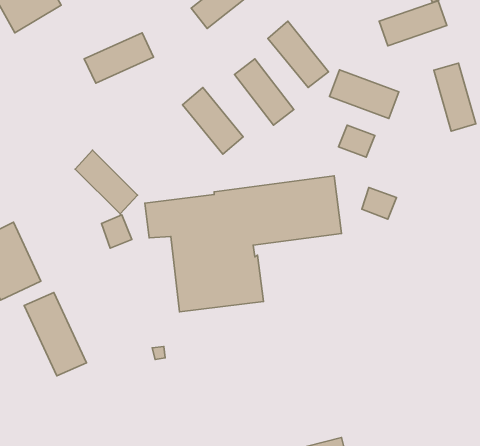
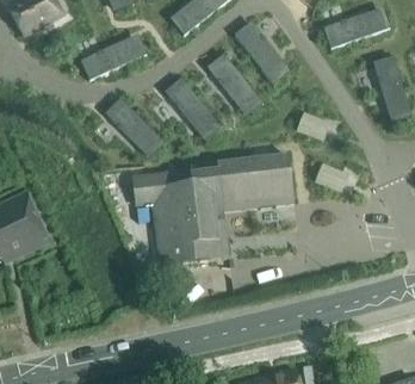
building: [329,70,399,118] -> none
building: [75,150,137,214] -> [109,100,160,153]
building: [24,293,87,376] -> none

